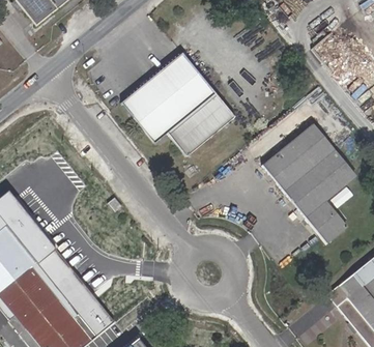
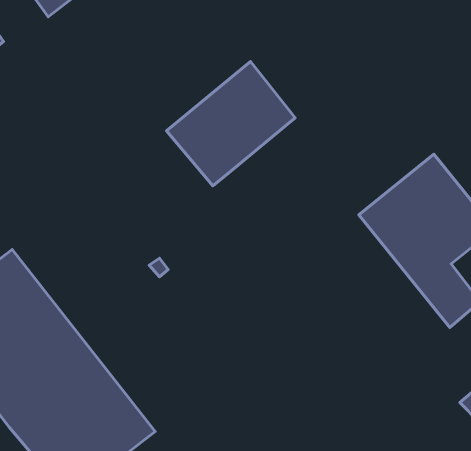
building: [166,95,234,158] -> none

